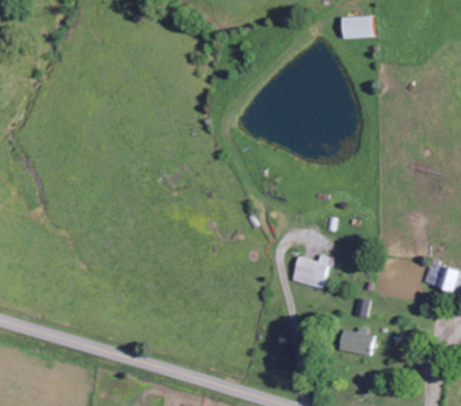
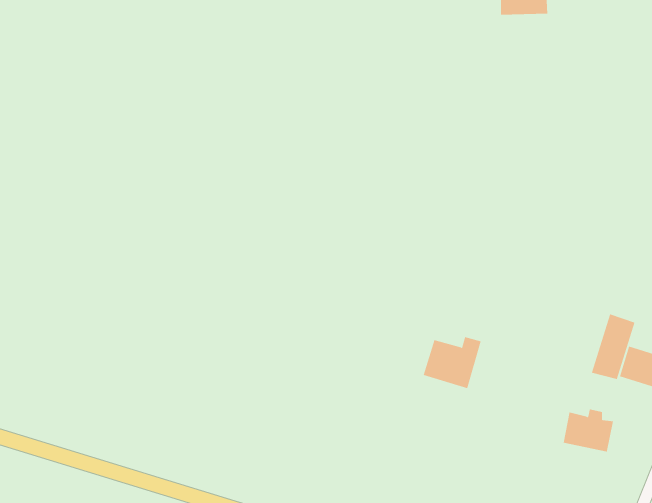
building: none -> [591,314,635,380]
building: [338,327,373,356] -> [563,409,614,452]

